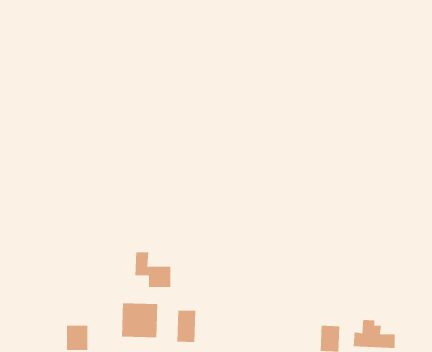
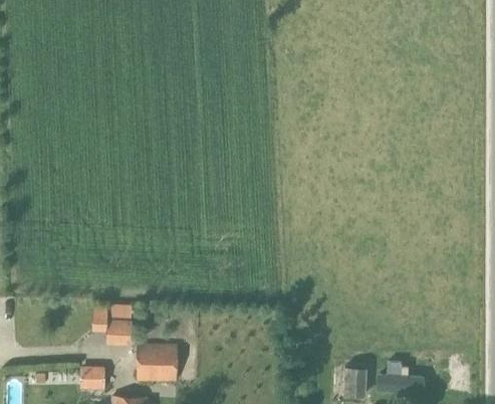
building: [134,252,171,288] -> [92,306,131,343]
building: [177,310,196,343] -> none

